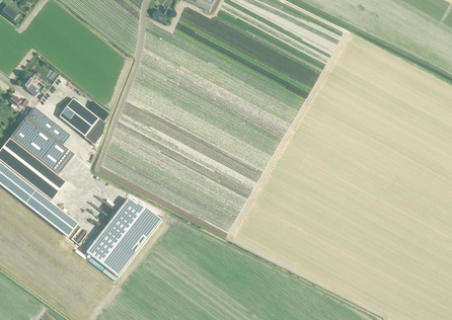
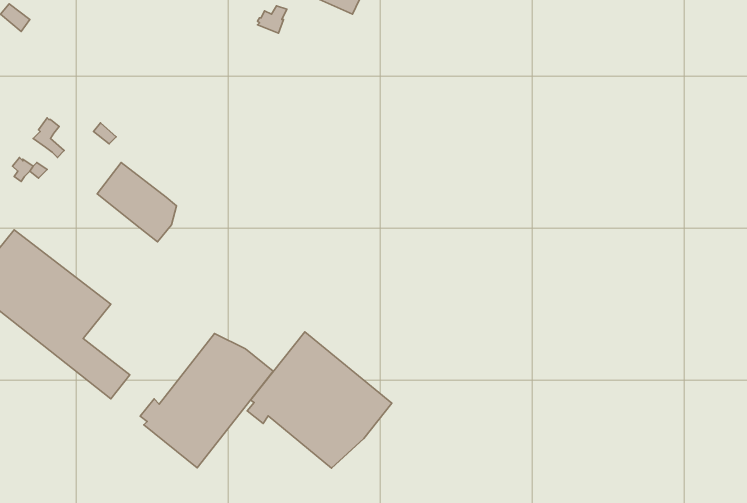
building: [9,106,73,174] -> none
building: none -> [247,332,392,468]

